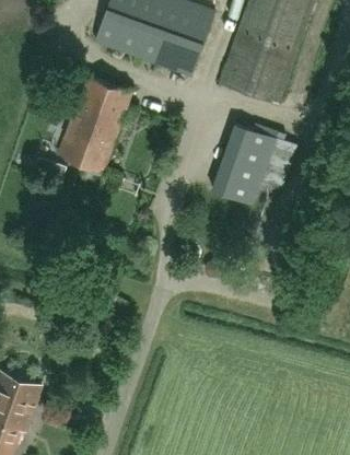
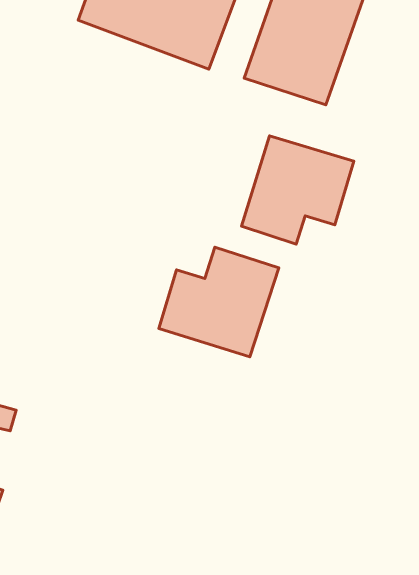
building: [57,75,131,171] -> none
building: none -> [159,247,279,357]

